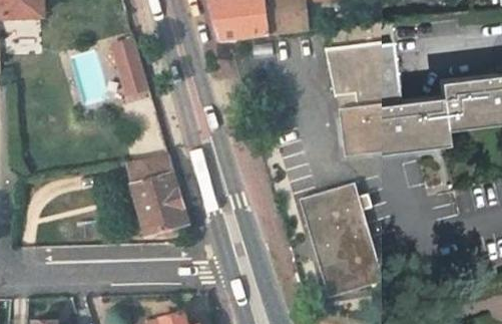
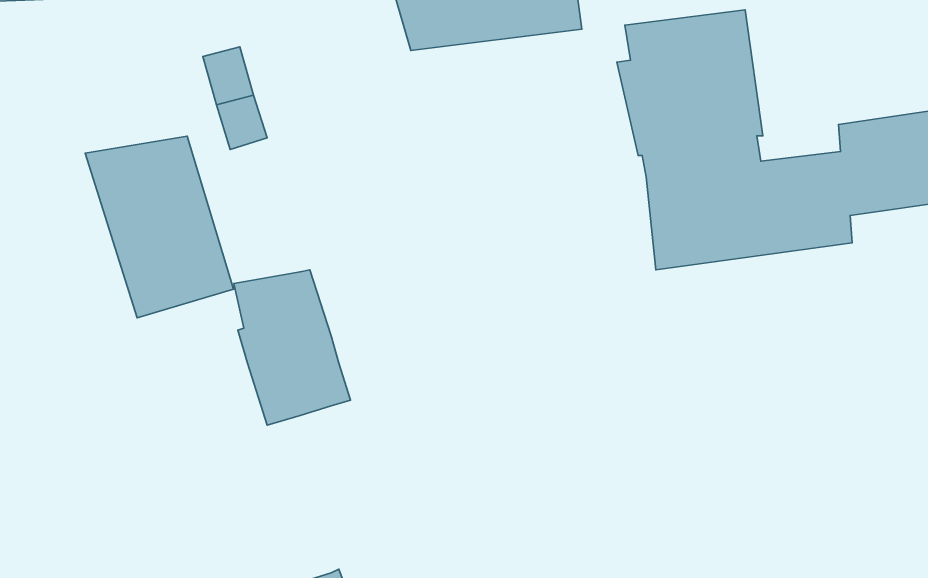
building: none -> [85,136,234,318]
building: [301,185,384,299] -> none

